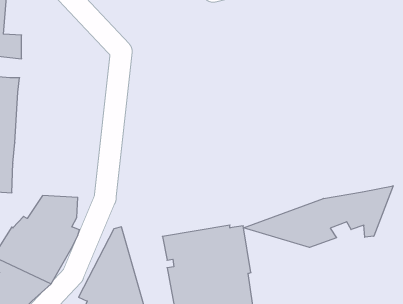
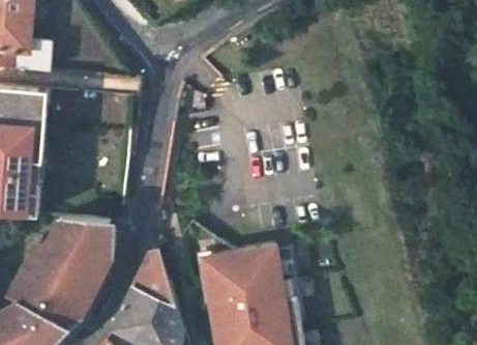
building: [244,186,393,247] -> none

